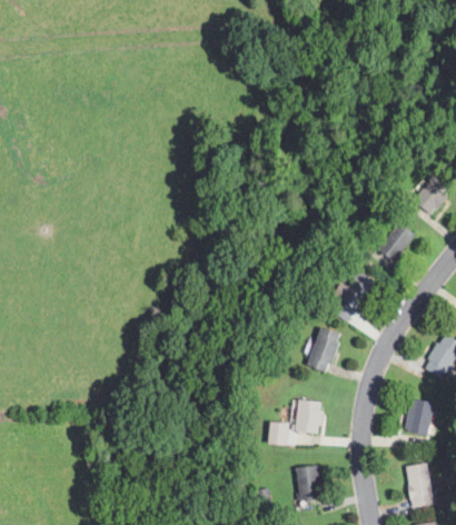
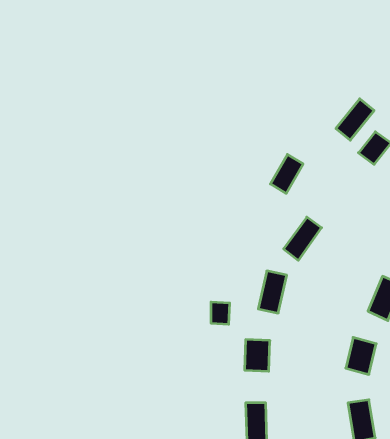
building: none -> [336,99,374,140]
building: [379,220,414,261] -> [270,154,303,193]
building: [269,422,289,445] -> [211,302,230,324]

